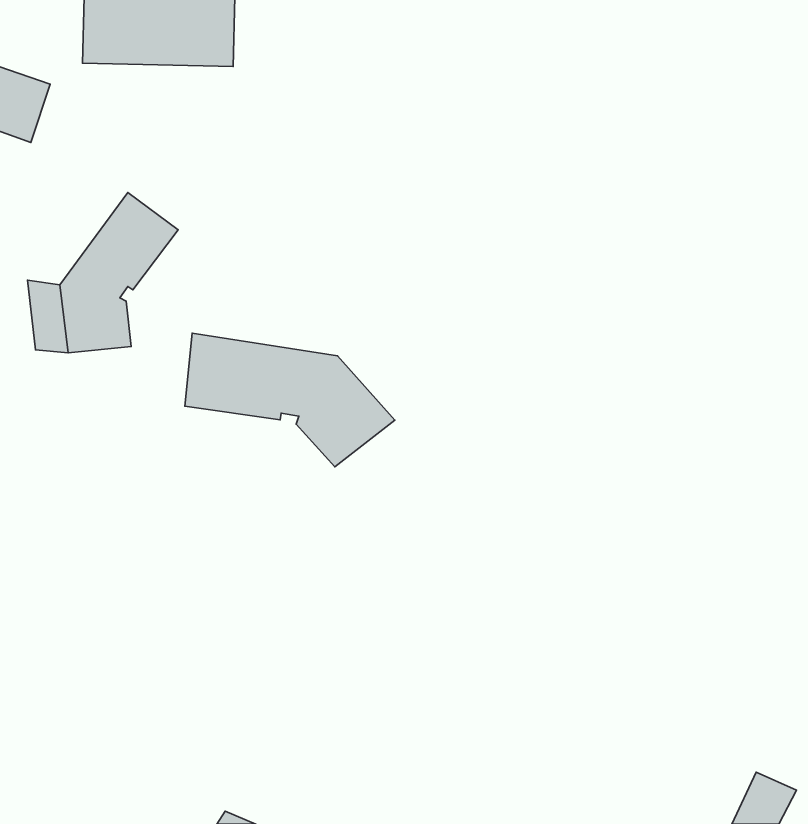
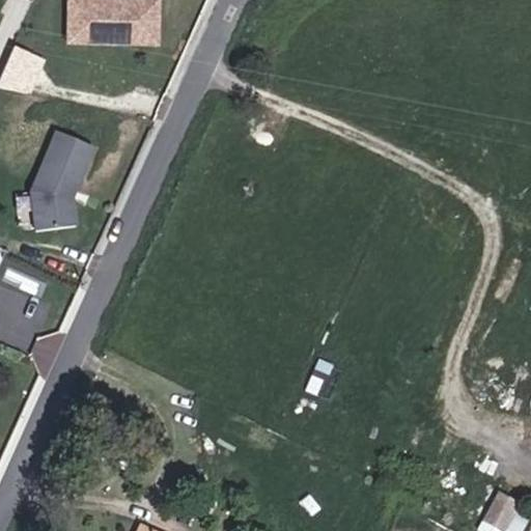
building: [185,333,395,467] -> none

